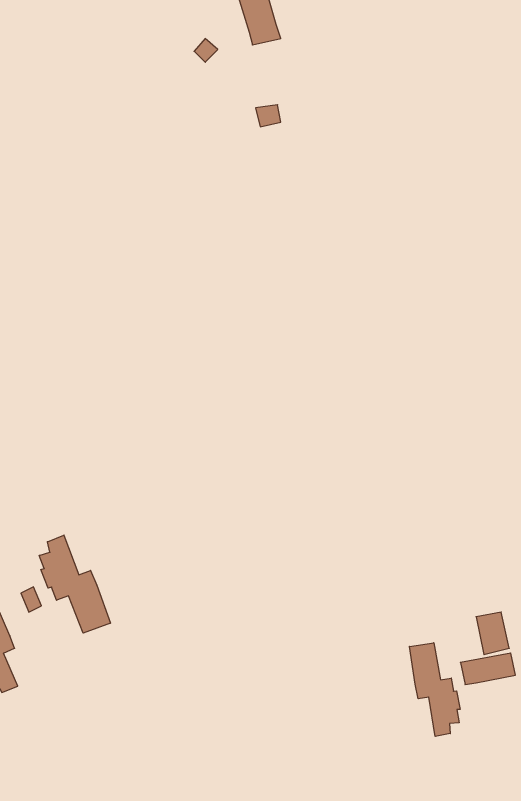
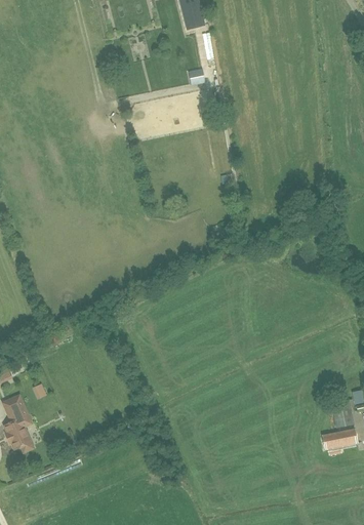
building: [39,535,110,633] -> none
building: [409,643,460,736] -> none

